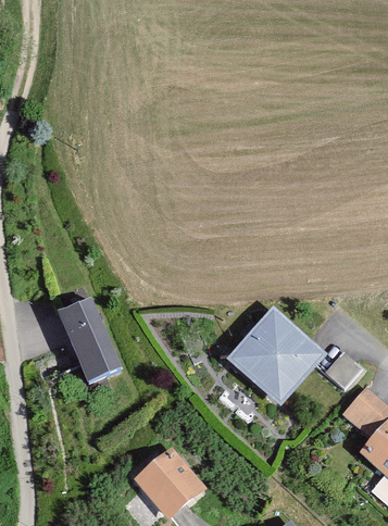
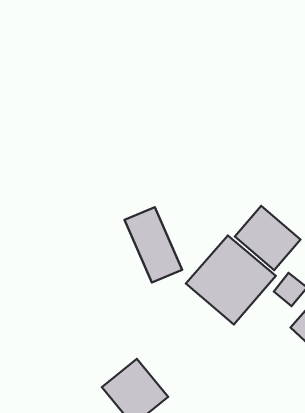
building: none -> [235,206,300,270]
building: [57,298,121,381] -> [124,207,182,282]

